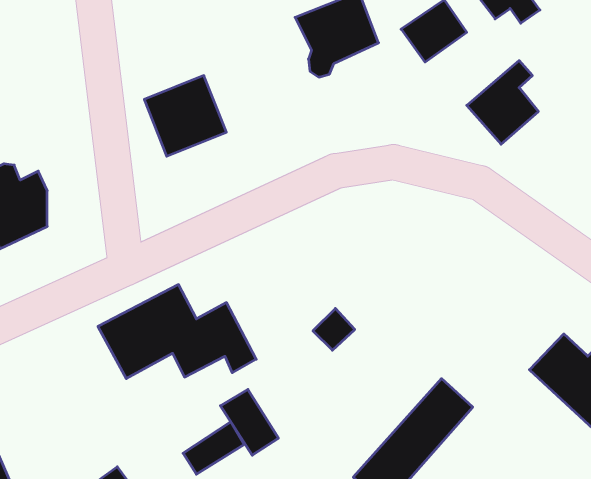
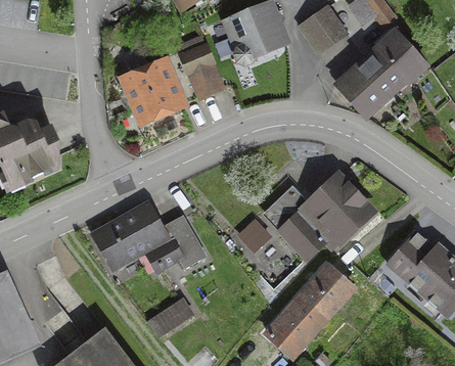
building: none -> [375,32,419,86]
building: none -> [182,49,220,94]
building: none -> [267,177,372,256]
building: [220,389,278,455] -> none

